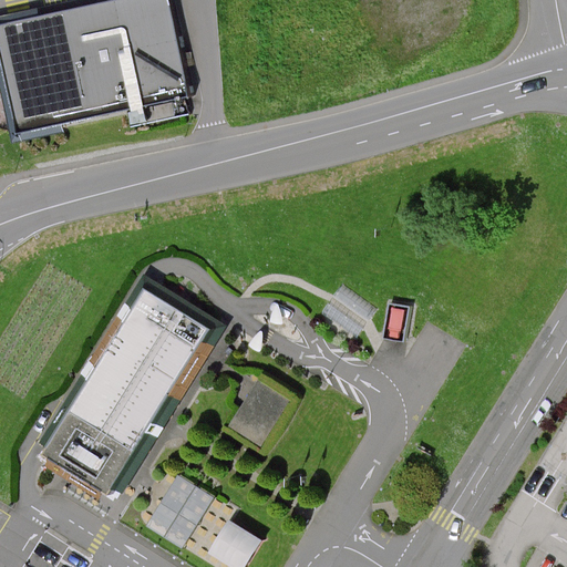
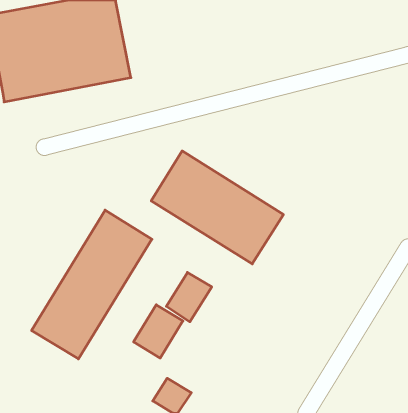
building: none -> [151,151,283,264]
building: [145,474,213,547] -> [134,305,183,358]

